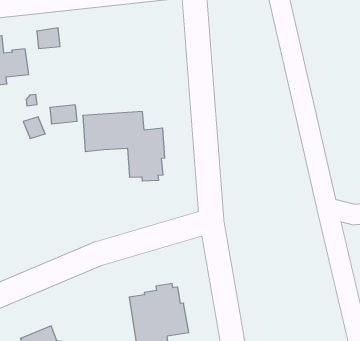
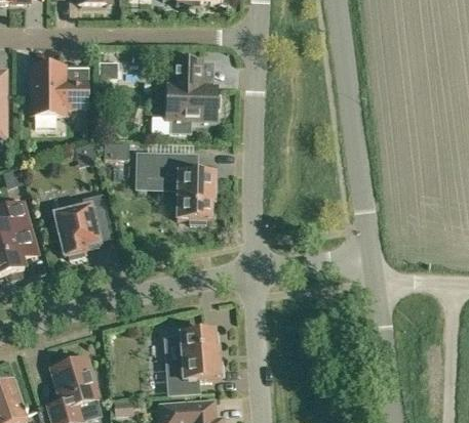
building: none -> [166,58,220,132]
building: none -> [54,193,109,257]

